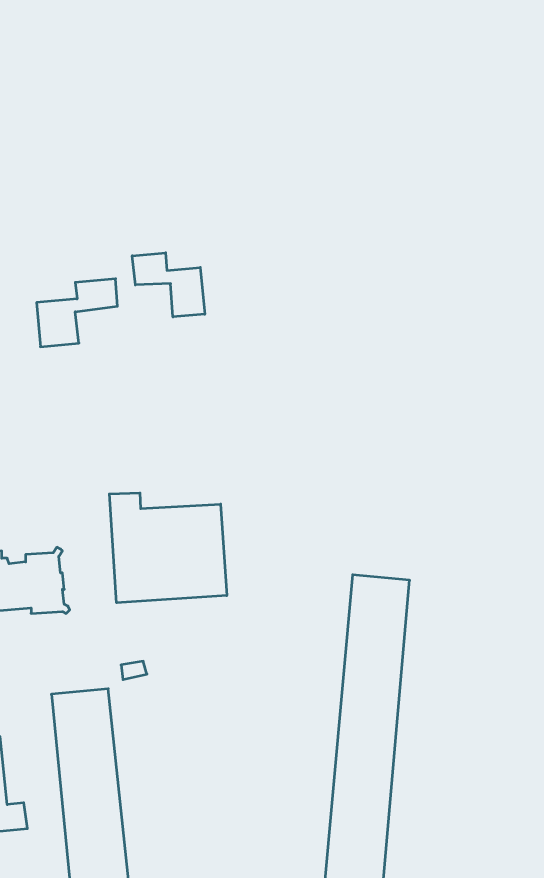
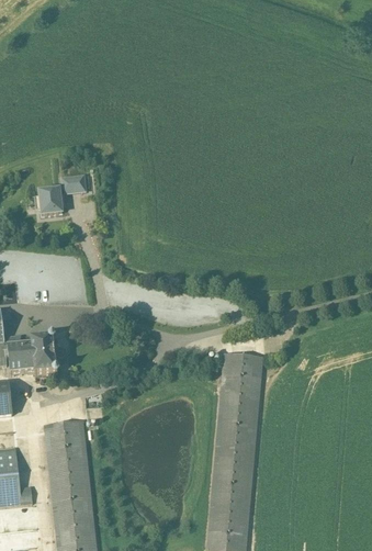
building: [132,253,205,317] -> none
building: [109,493,227,603] -> none

